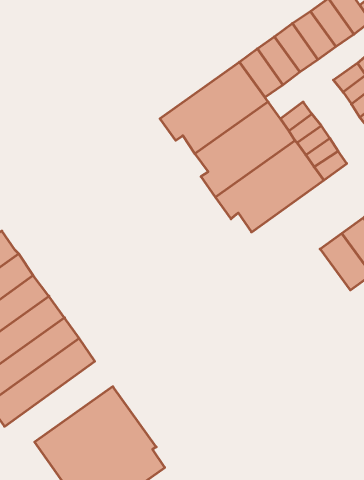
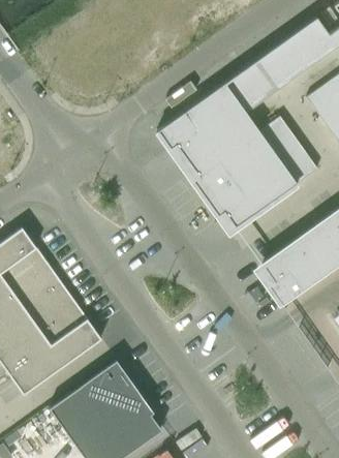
building: none -> [263,244,320,307]

